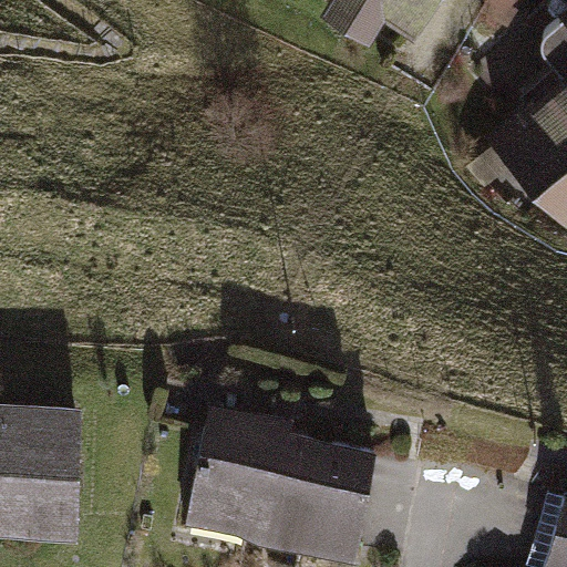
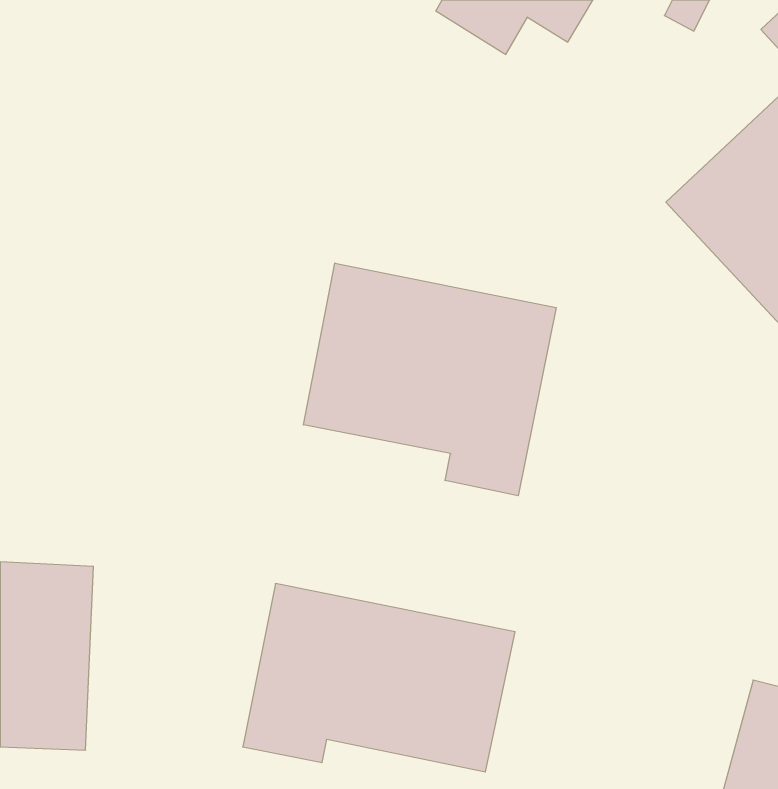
building: none -> [304,263,556,496]

